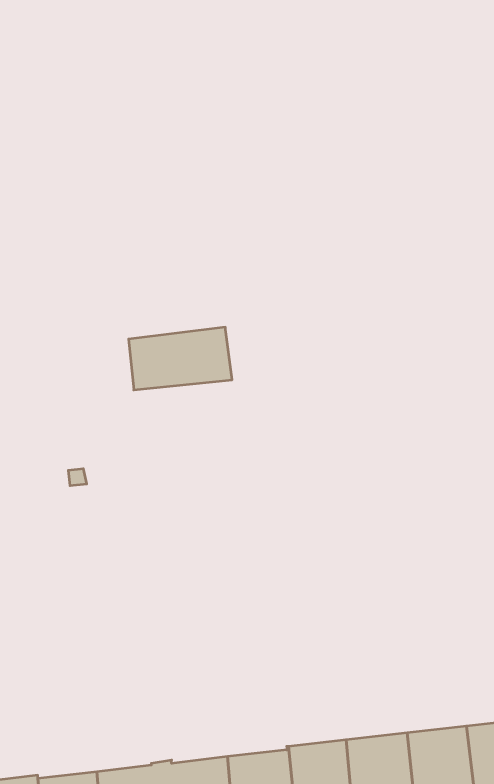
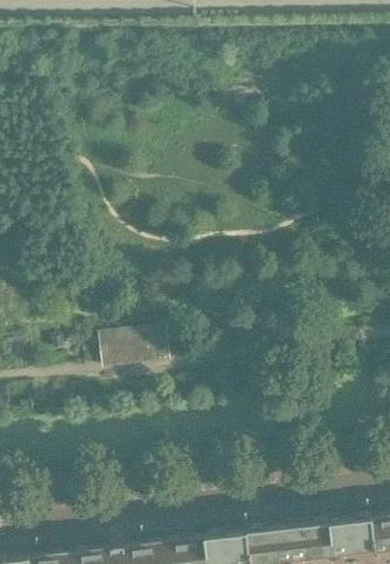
building: [129,327,232,390] -> [99,327,171,371]

